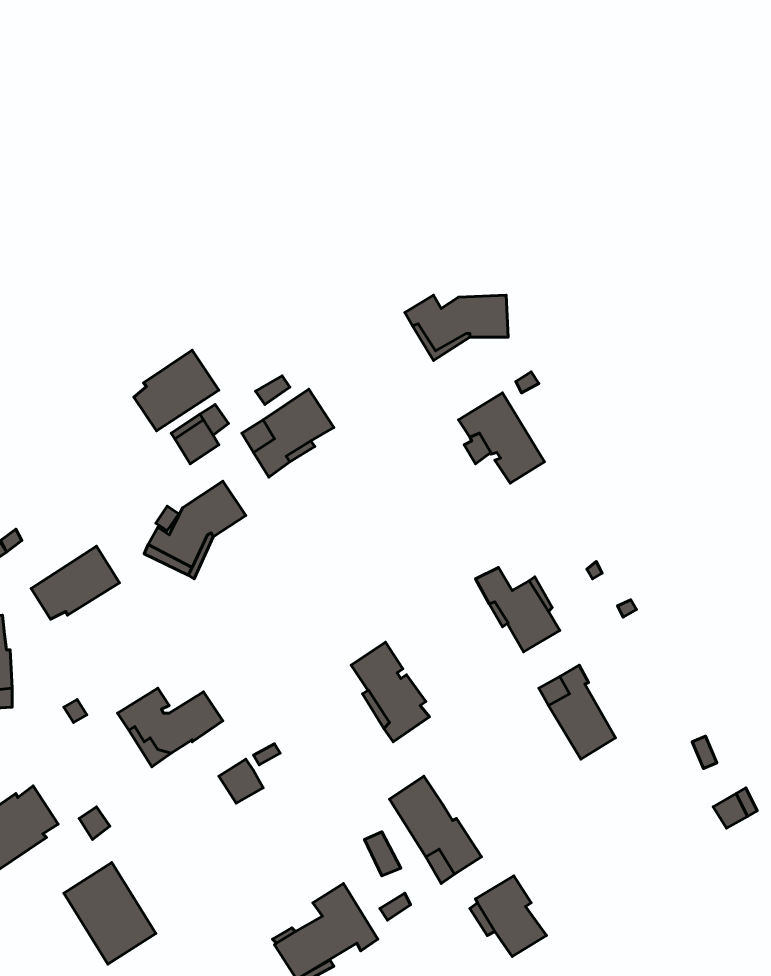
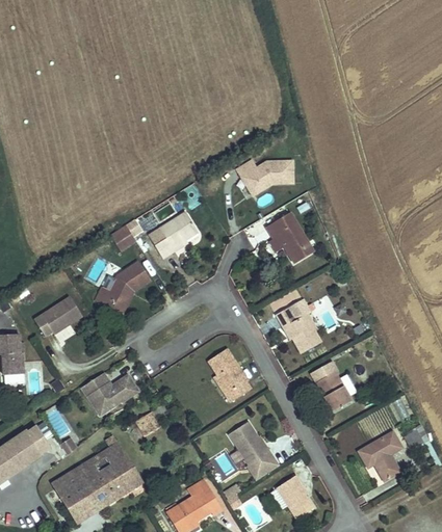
building: [134,350,219,431] -> none
building: none -> [359,432,401,480]
building: none -> [78,434,141,506]

